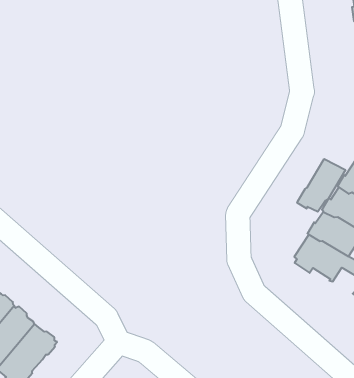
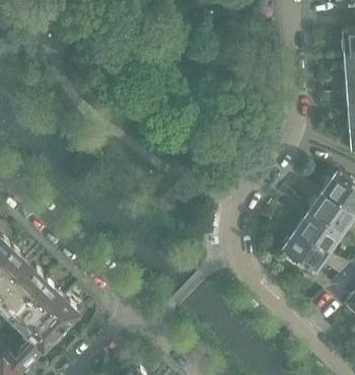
building: [297,159,345,212] -> none

